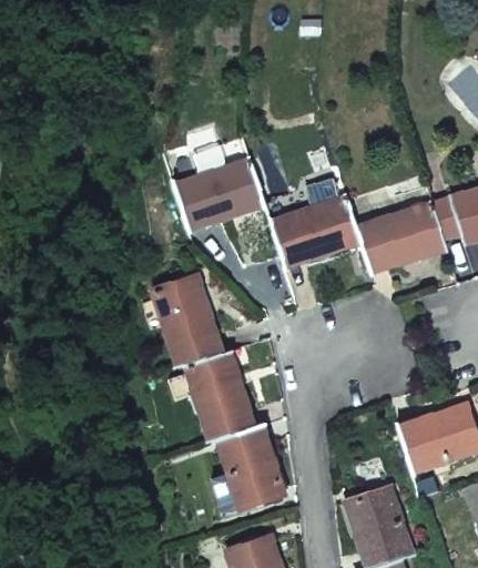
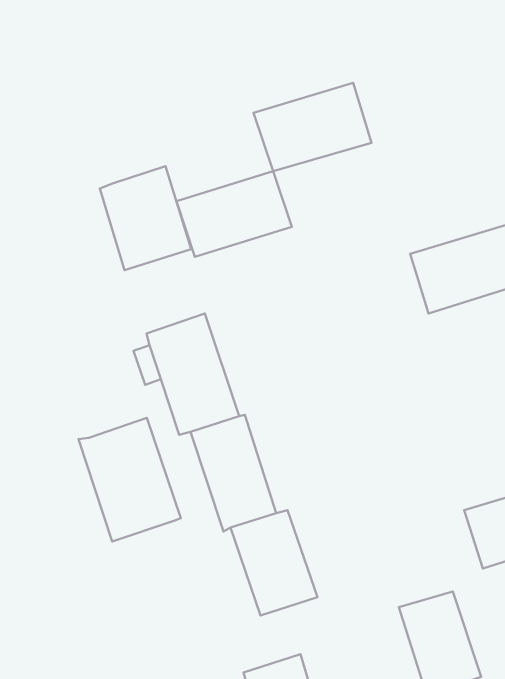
building: none -> [100,166,191,270]
building: [271,196,363,265] -> [253,83,372,171]
building: none -> [78,418,181,541]

